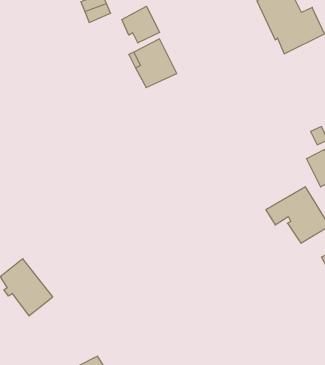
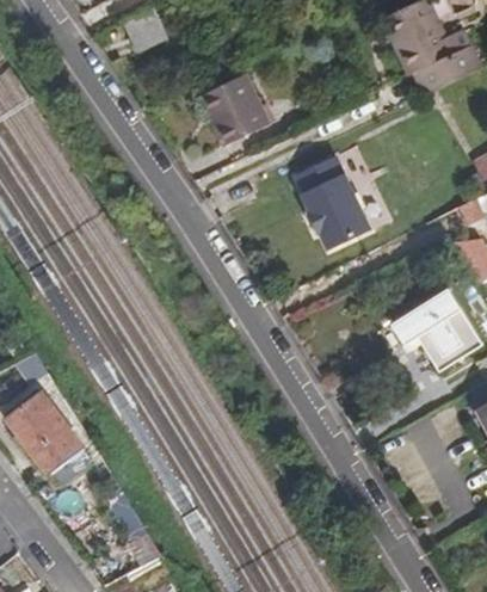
building: [122,6,160,43] -> none
building: none -> [295,155,372,251]

